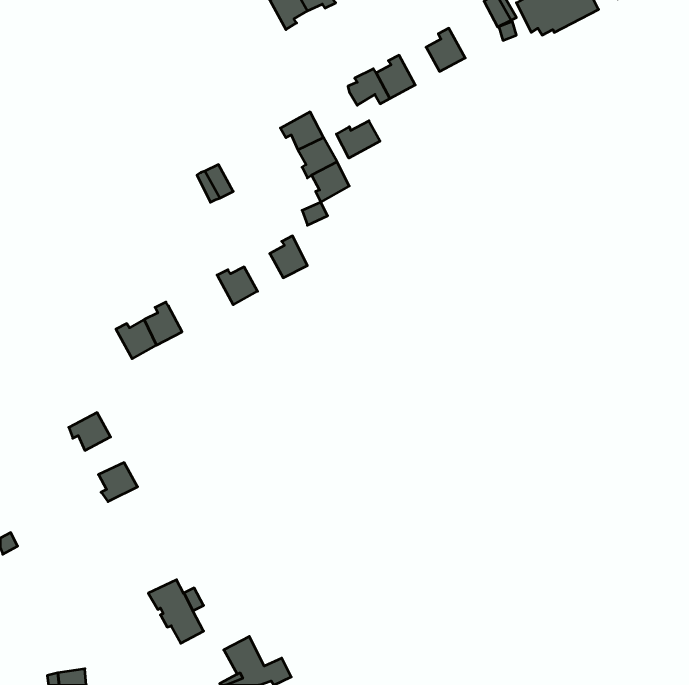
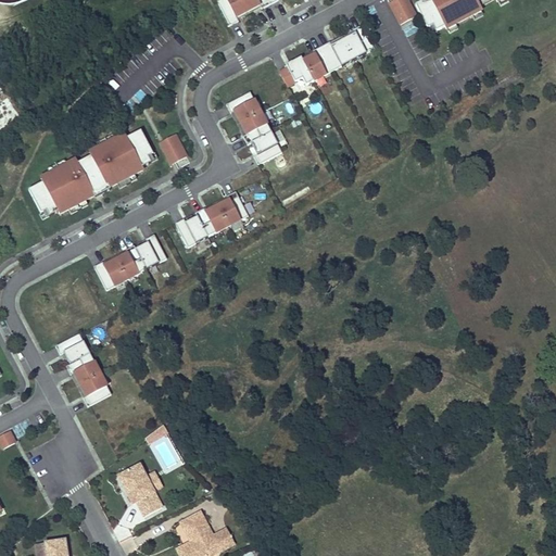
building: none -> [321,38,354,68]
building: [336,121,380,158] -> none
building: none -> [28,129,152,215]
building: none -> [195,204,228,235]
building: none -> [136,232,166,267]
building: none -> [65,352,100,382]

